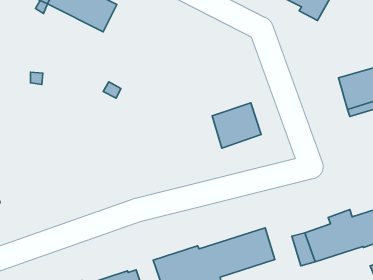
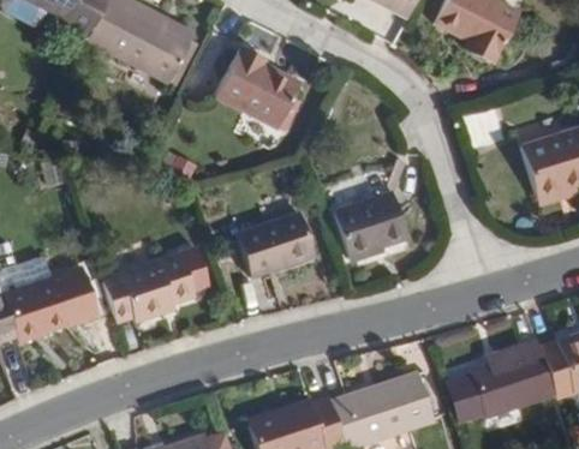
building: none -> [220,49,303,131]
building: none -> [238,215,315,280]
building: none -> [106,256,201,325]
building: none -> [26,265,91,325]

